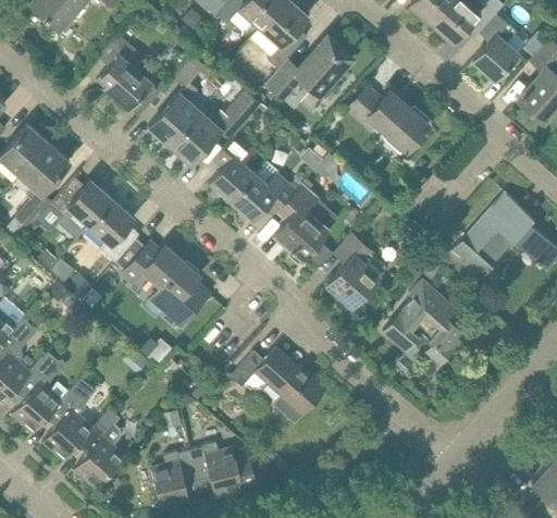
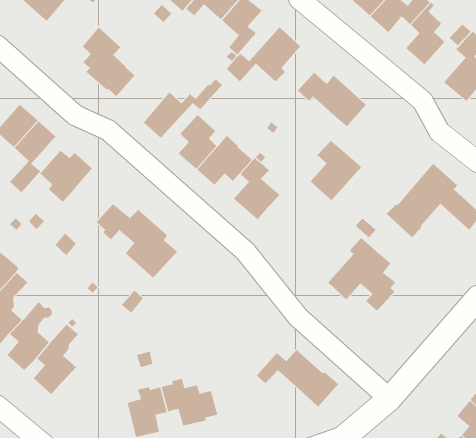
building: [149,59,203,147] -> none
building: [90,200,139,262] -> none
building: [326,237,386,308] -> [310,140,362,201]
building: [230,348,325,416] -> [256,349,339,408]
building: [74,410,124,490] -> none

